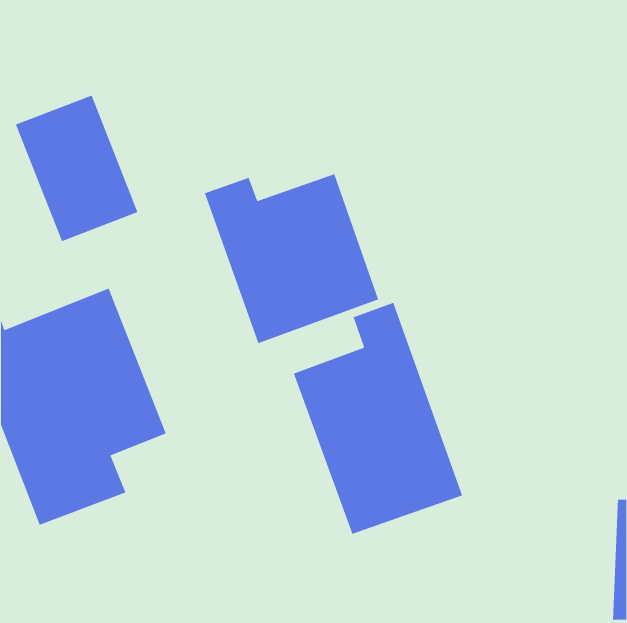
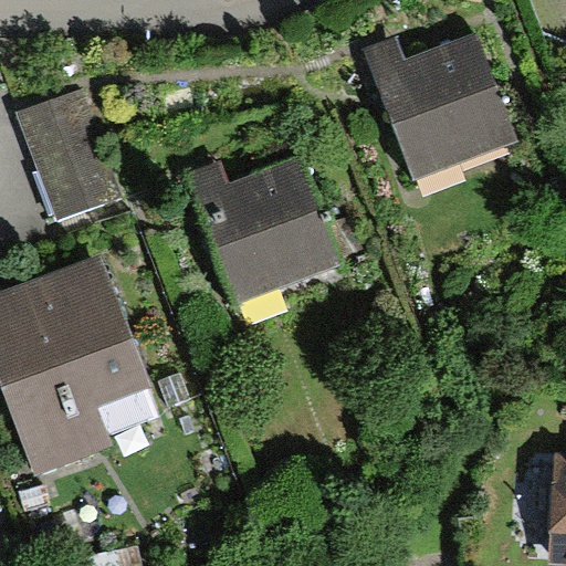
building: none -> [361,33,518,184]
building: [293,302,463,535] -> none

